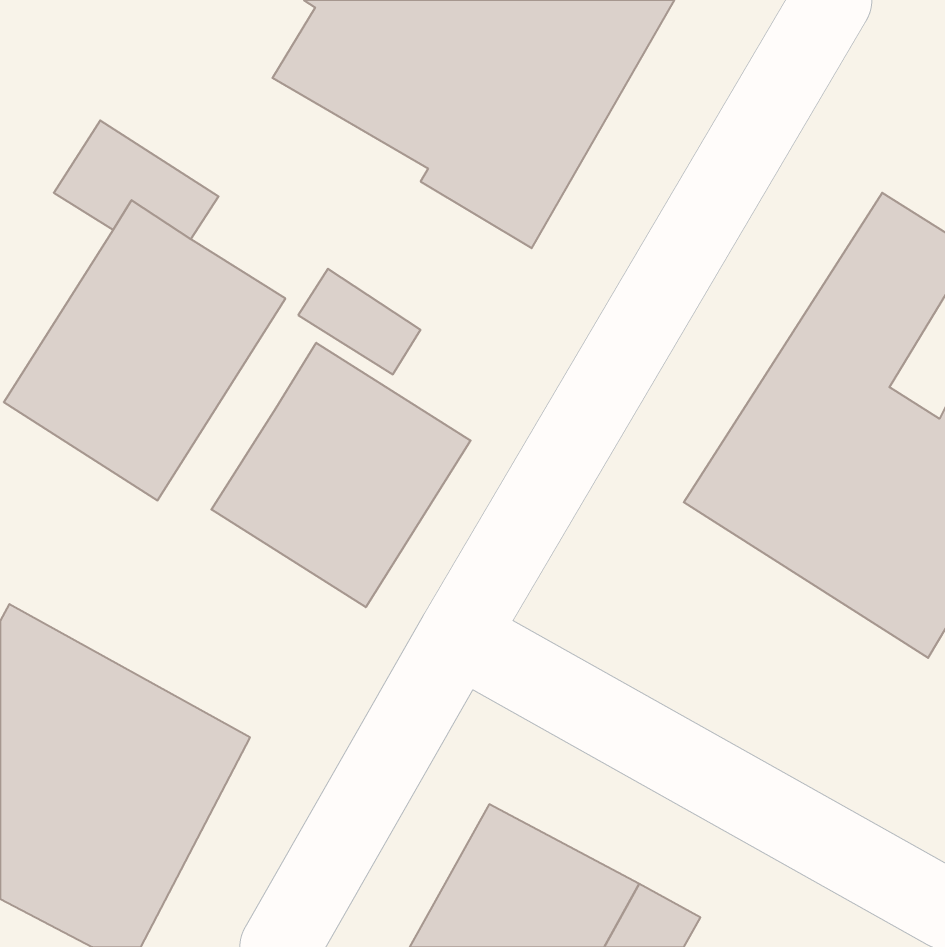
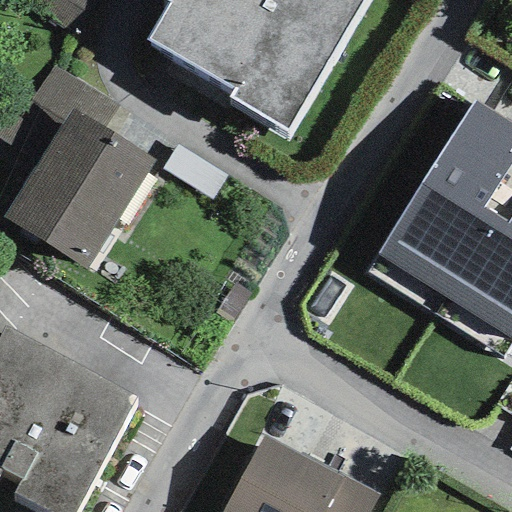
building: [211,343,471,607] -> none

